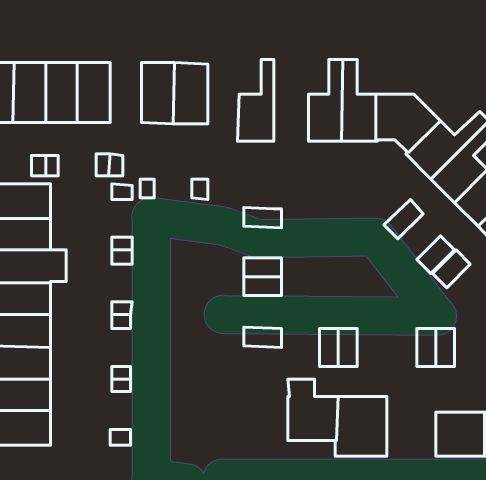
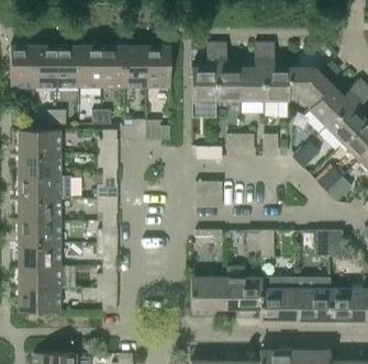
building: none -> [216,44,241,101]
building: none -> [102,46,124,88]
building: none -> [191,277,226,309]
building: none -> [295,278,331,320]

